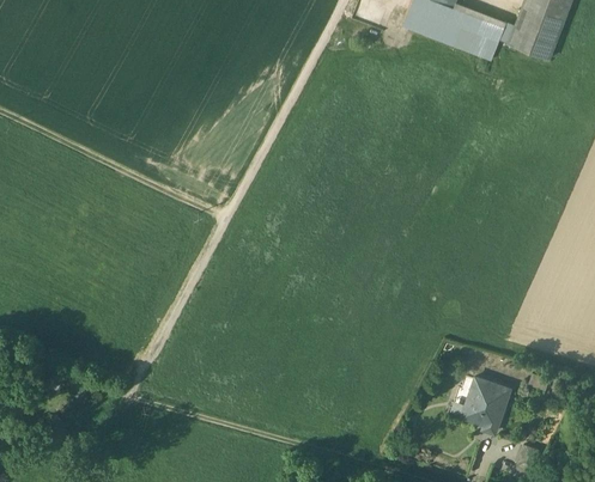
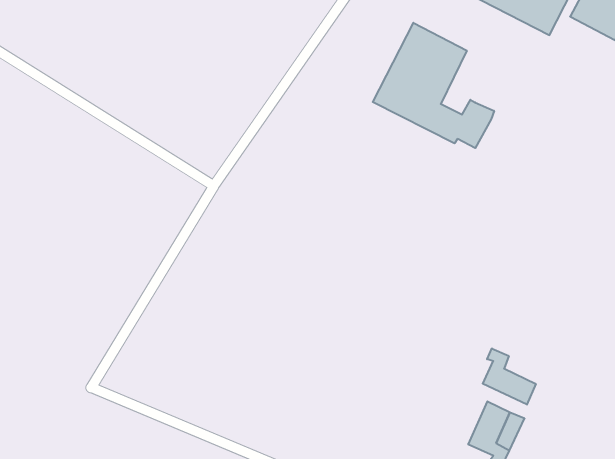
building: none -> [373,23,494,148]
building: none -> [483,348,536,405]

